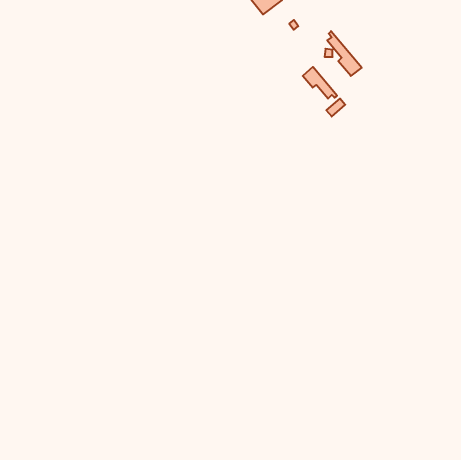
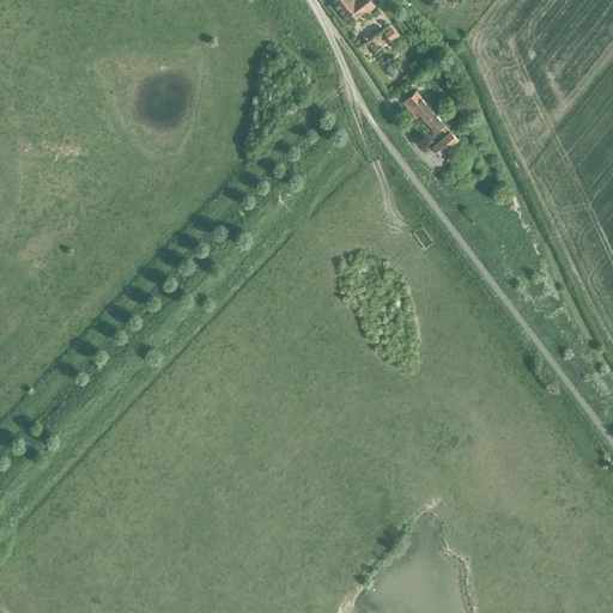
building: [327,31,362,76] -> none

